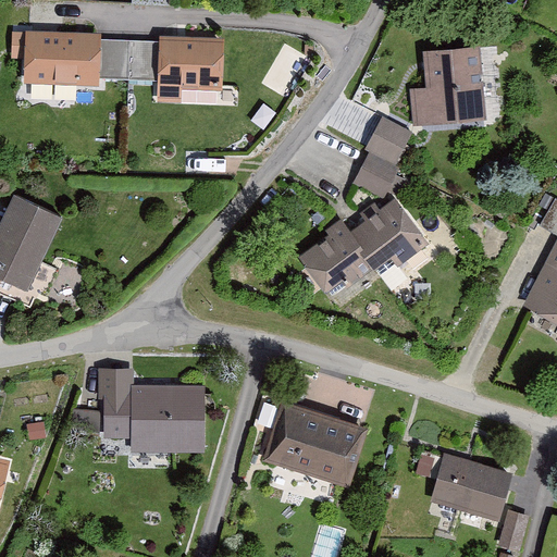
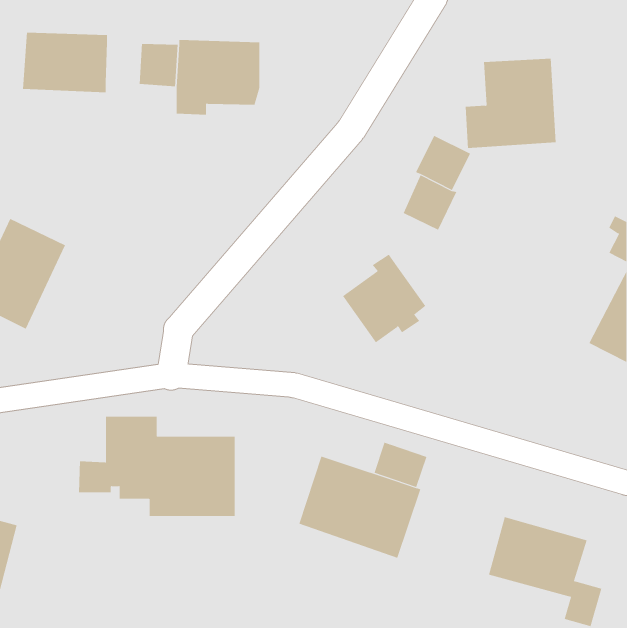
building: [94,37,124,74] -> none
building: [349,202,428,271] -> none
building: none -> [374,442,427,488]

